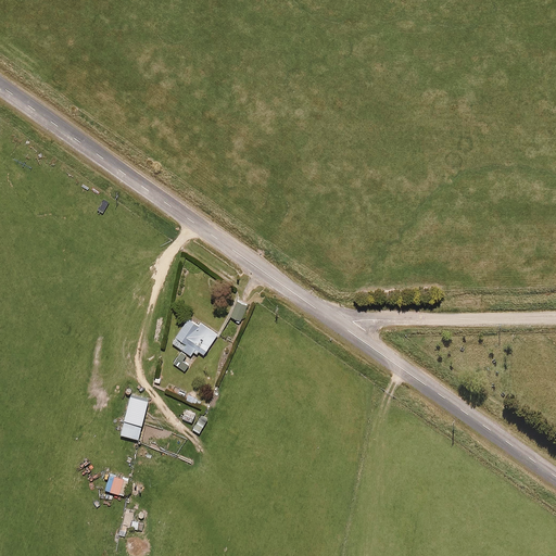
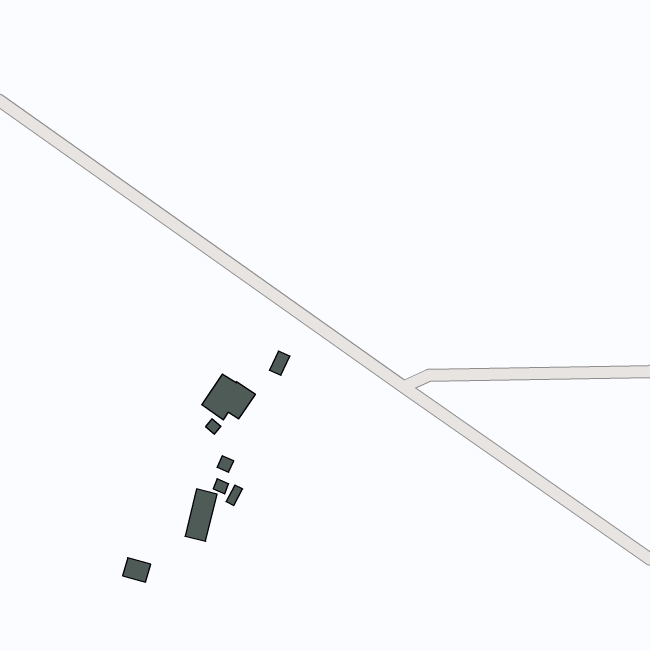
building: [121,392,148,437] -> [185,489,217,541]

